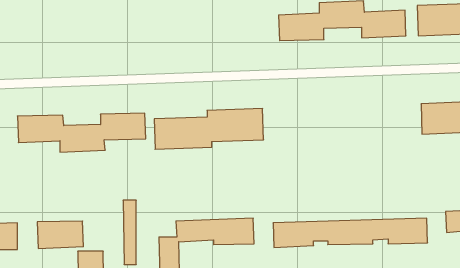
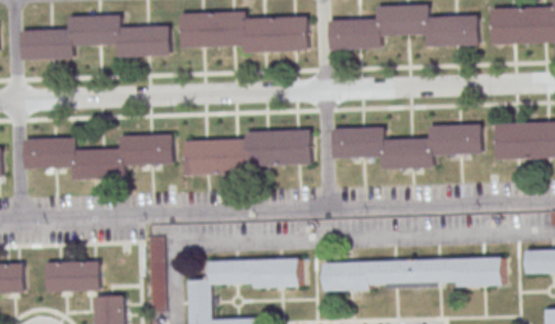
building: none -> [181,11,309,52]
building: none -> [21,14,170,61]
building: none -> [332,123,482,169]

